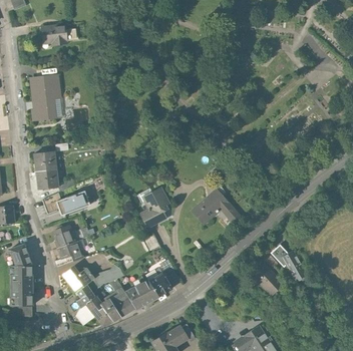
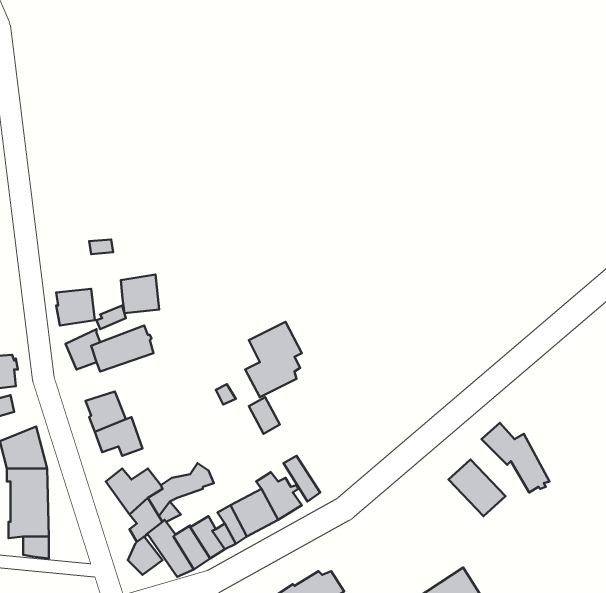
building: [41,24,76,44] -> none
building: [30,77,58,120] -> none
building: [34,150,55,171] -> [121,275,159,313]
building: [190,189,241,226] -> none

